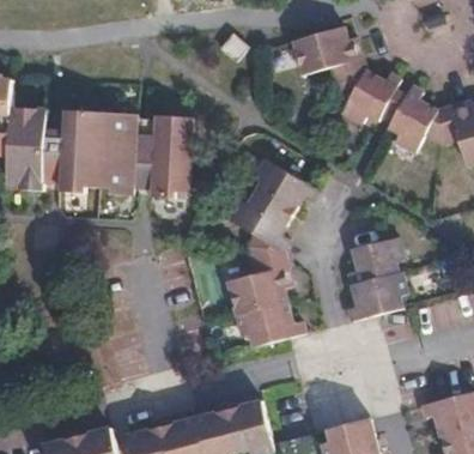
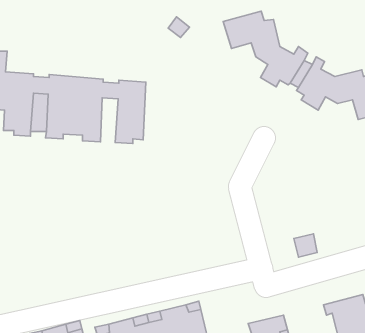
building: [226,159,317,345] -> none
building: [346,236,405,321] -> none

